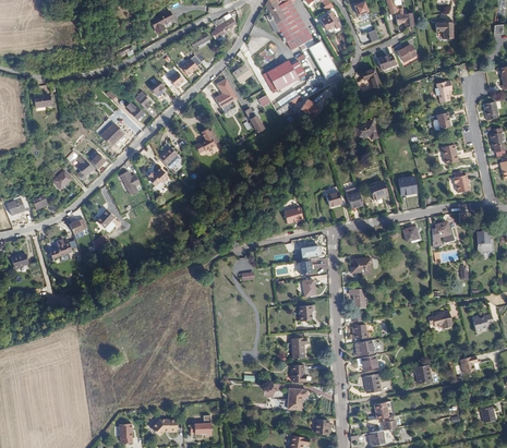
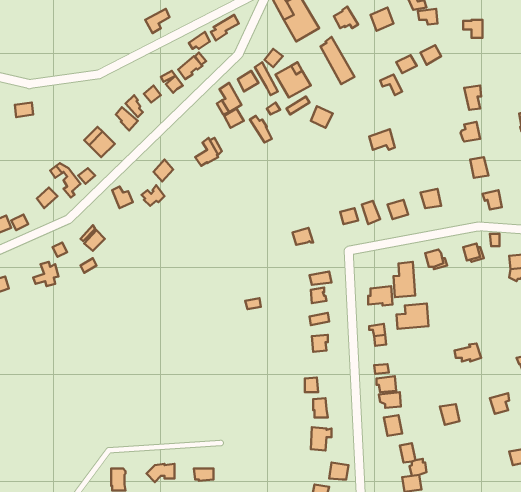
building: none -> [394,262,415,297]
building: none -> [397,304,428,329]

